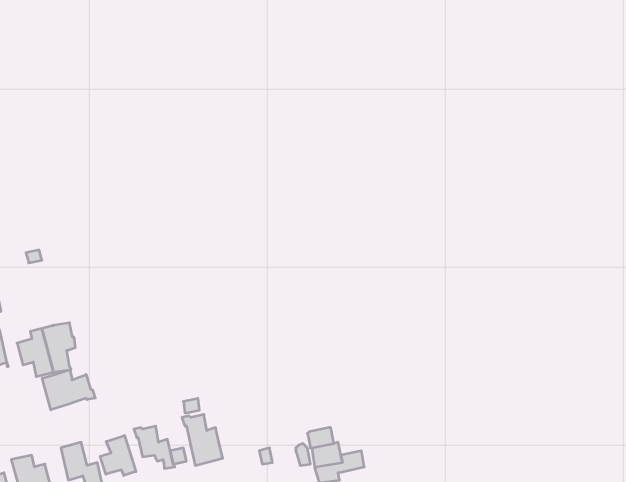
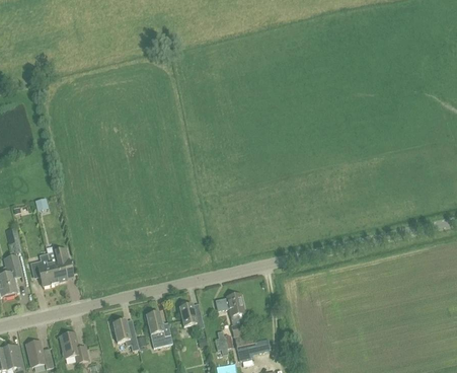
building: [42,370,95,410] -> none
building: none -> [216,292,246,321]
building: none -> [177,303,204,328]
building: [100,435,136,476] -> none

